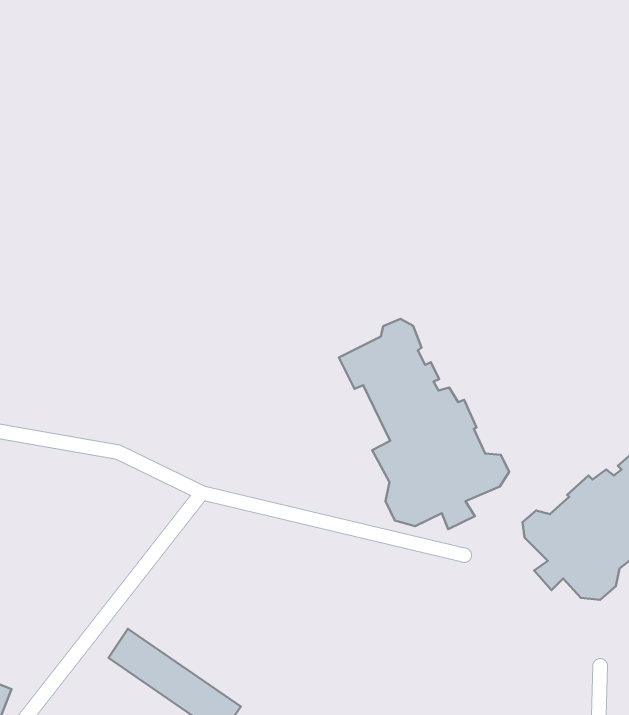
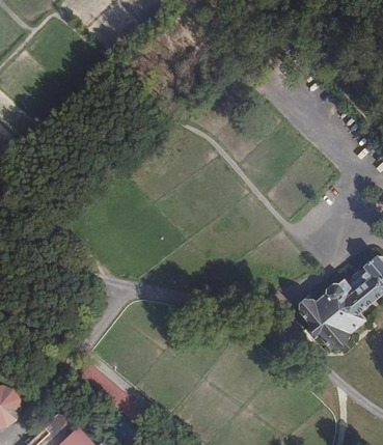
building: [339,319,509,529] -> none

